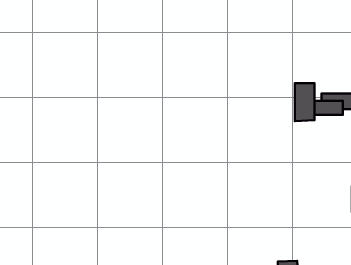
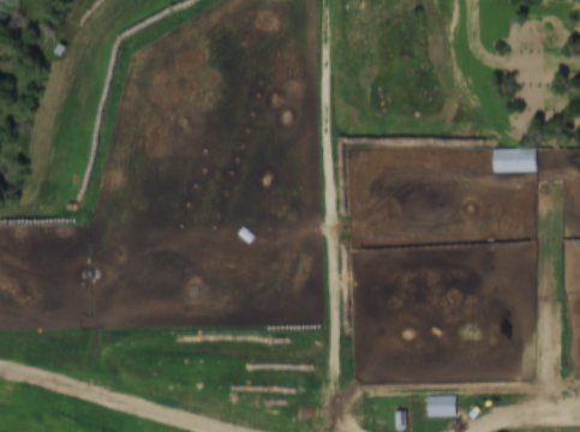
building: [295,83,314,121] -> none

